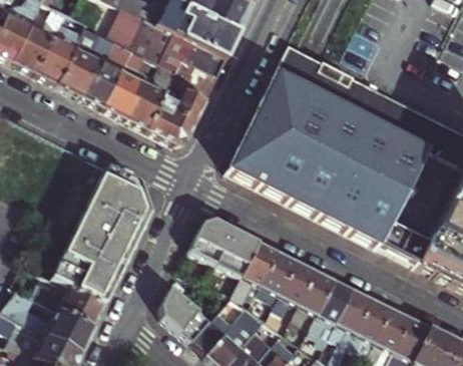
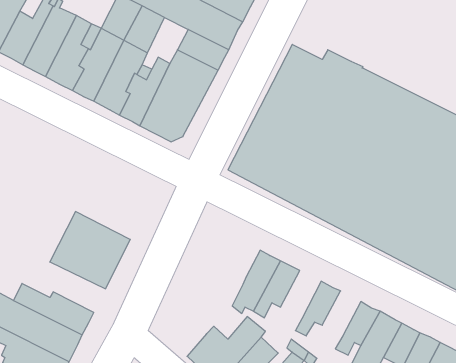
building: [152,27,190,70] -> none
building: [85,165,148,235] -> none
building: [188,222,258,279] -> none
building: [51,256,113,303] -> none
building: [270,264,315,318] -> none
building: [309,283,352,334] -> none
building: [158,290,207,344] -> none

